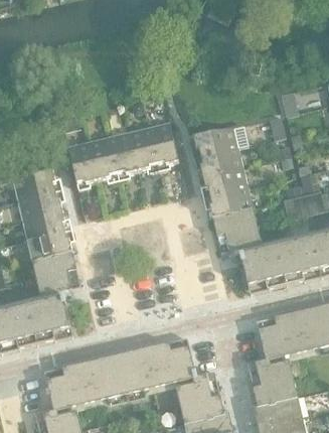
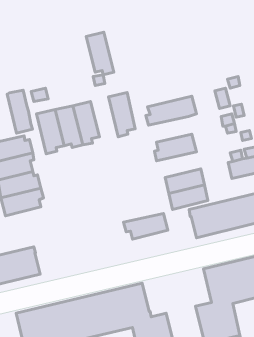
building: none -> [7,90,32,133]
building: [128,125,159,173] -> [86,32,114,75]
building: [193,147,242,176] -> none
building: [202,187,253,216] -> [123,213,168,239]
building: [31,250,80,296] -> none

